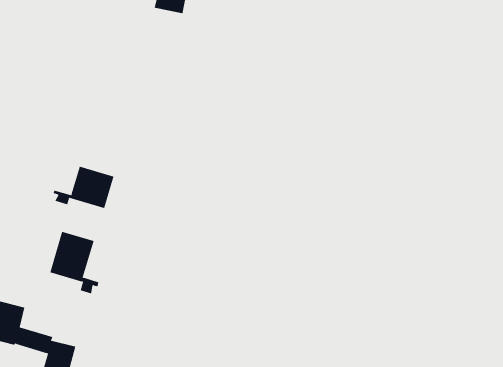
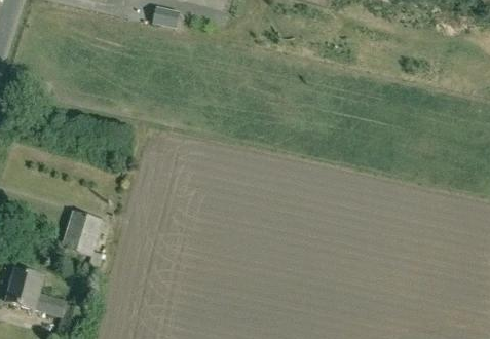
building: [53,166,114,209] -> none

